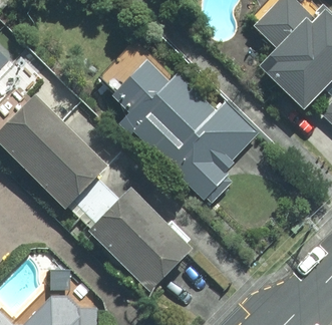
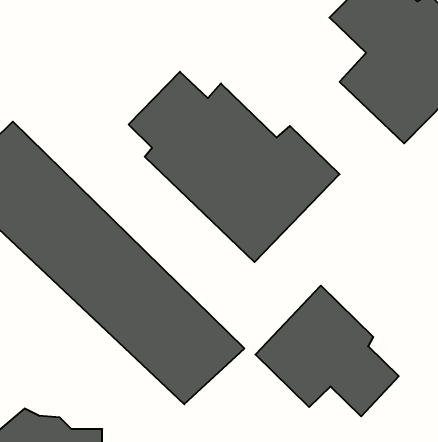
building: none -> [255,286,399,416]

